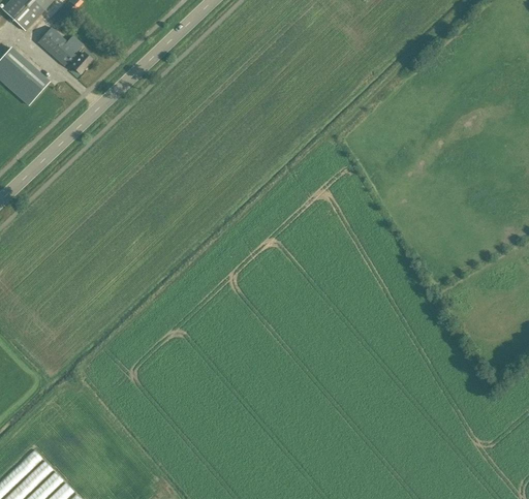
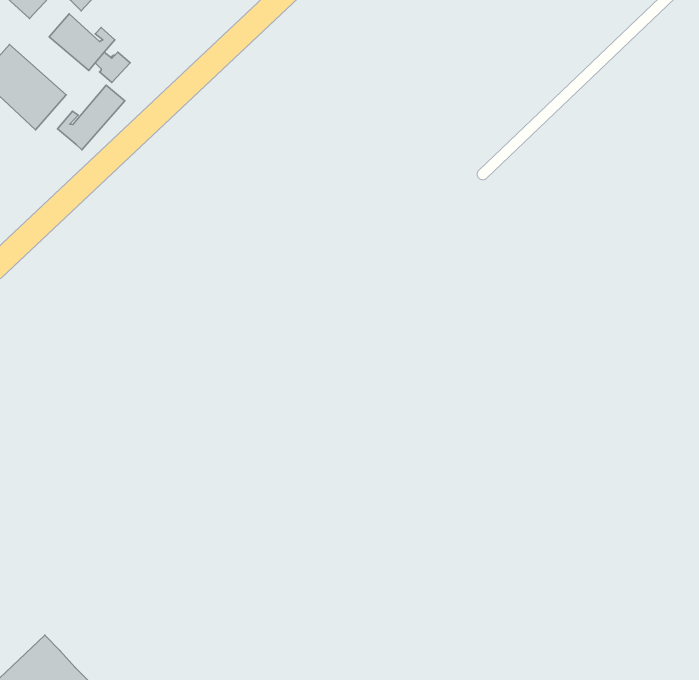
building: none -> [57,85,125,150]

